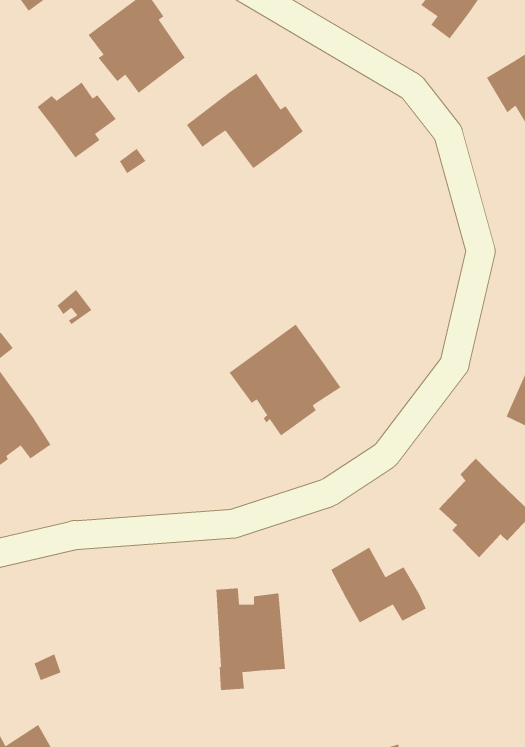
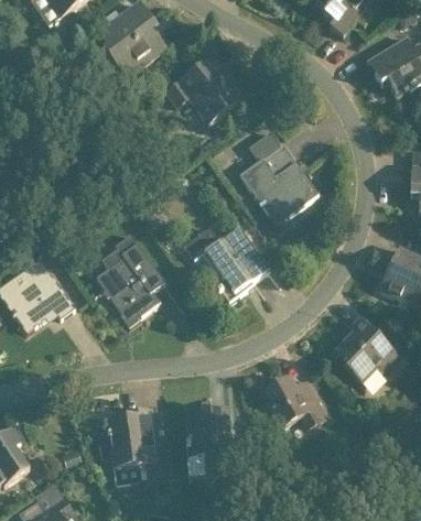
building: [37,81,117,159] -> none
building: none -> [240,131,319,216]
building: none -> [97,235,165,324]
building: none -> [98,410,158,484]

